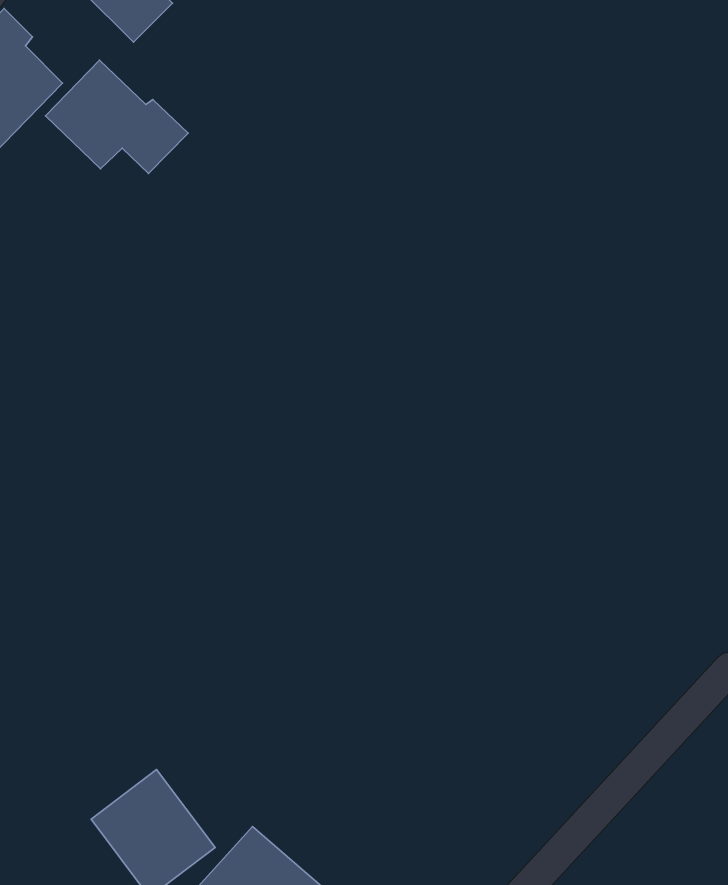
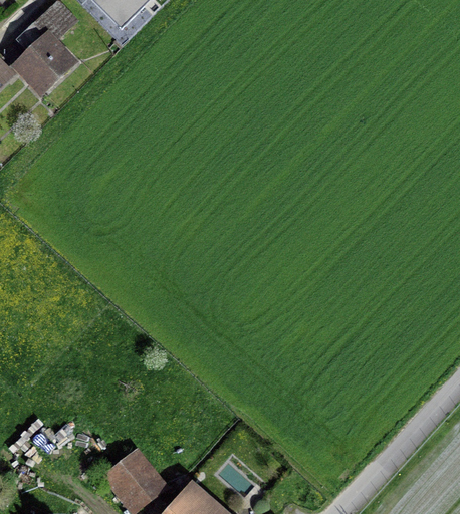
building: [45,60,188,174] -> none

